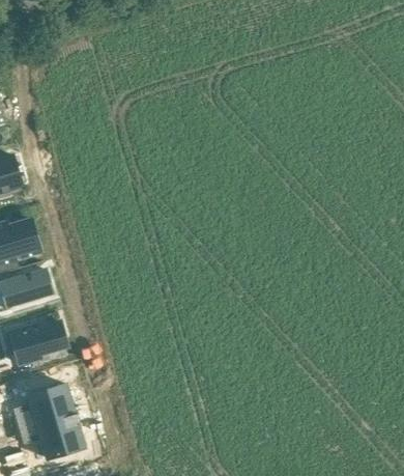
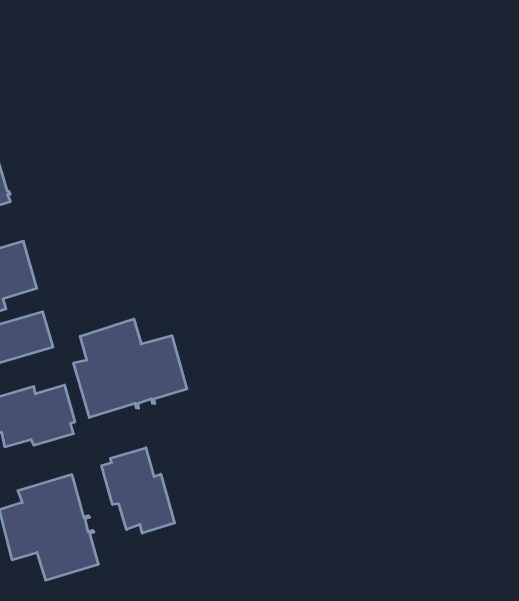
building: none -> [74,319,187,418]
building: none -> [102,448,175,533]

